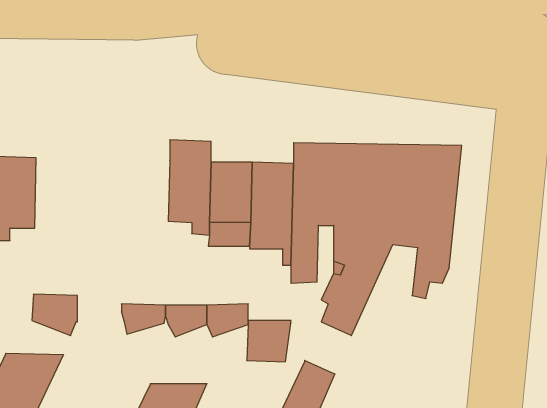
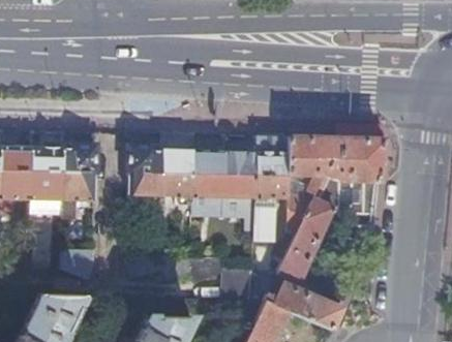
building: none -> [62,145,98,216]
building: none -> [129,146,164,194]
building: none -> [251,271,342,329]

